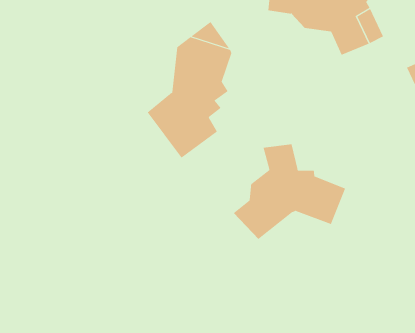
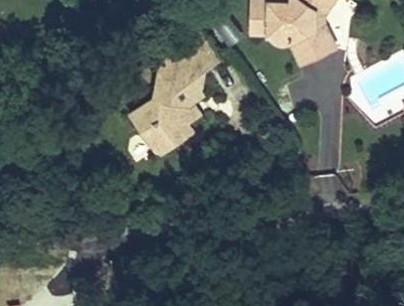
building: [233,144,346,240] -> none

